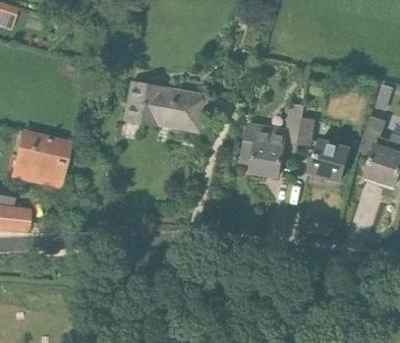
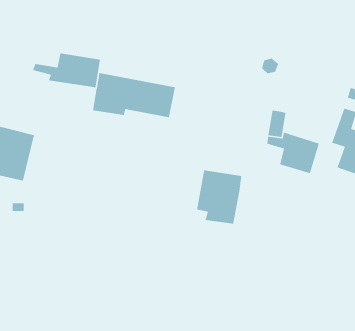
building: none -> [32,52,101,88]
building: [241,122,286,176] -> [196,169,242,225]

